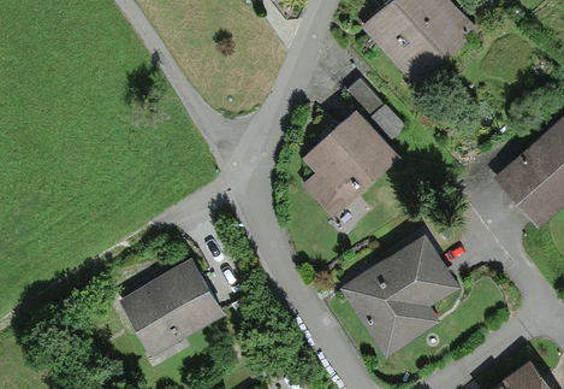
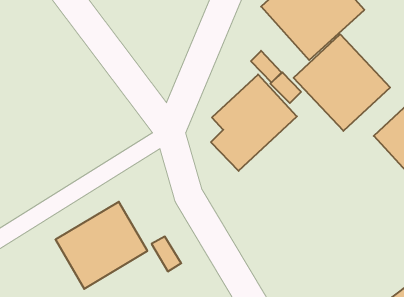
building: none -> [294,34,390,131]
building: [339,231,462,359] -> none

